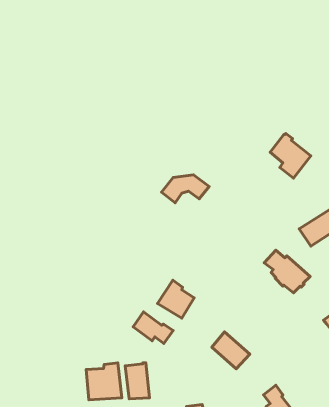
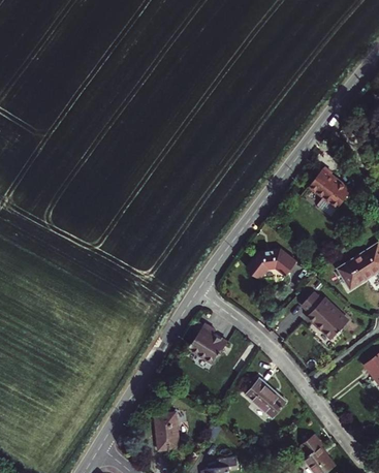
building: [161,175,209,203] -> [245,249,295,279]
building: [133,312,173,344] -> none
building: [86,363,122,400] -> none

